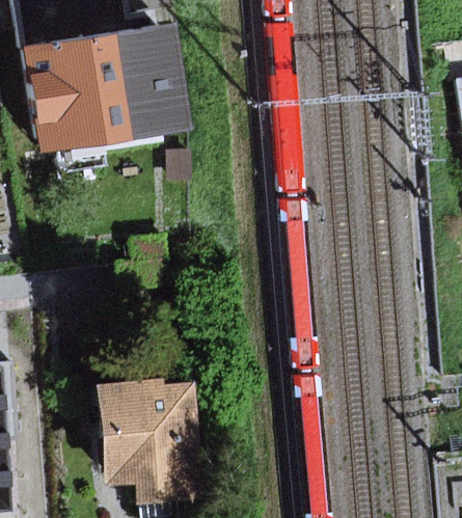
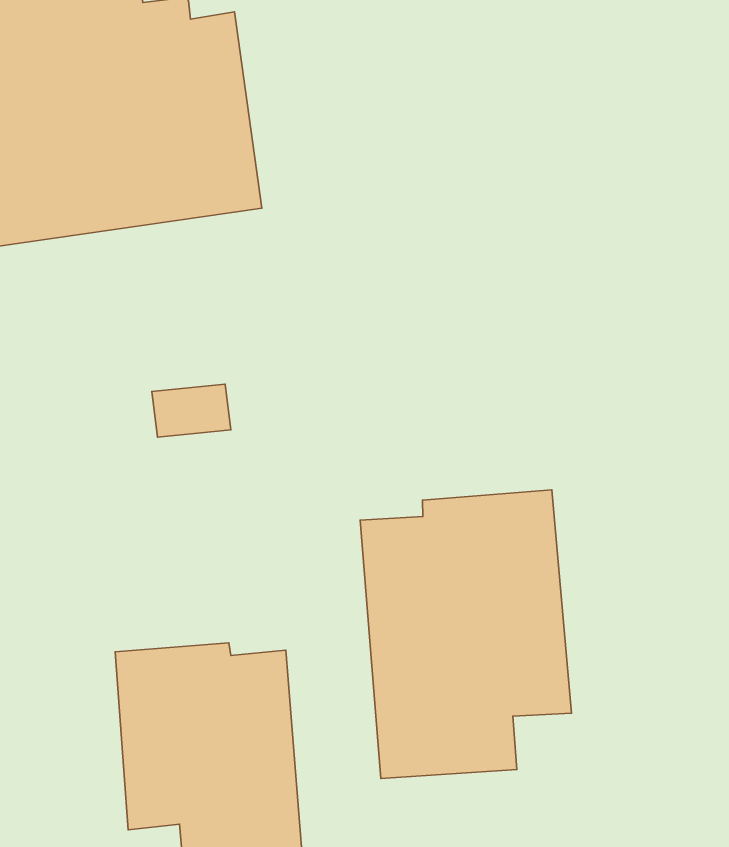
building: none -> [360,490,571,778]

